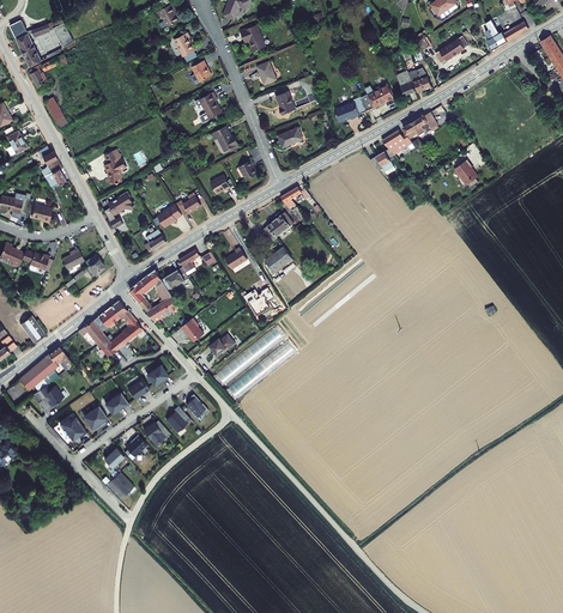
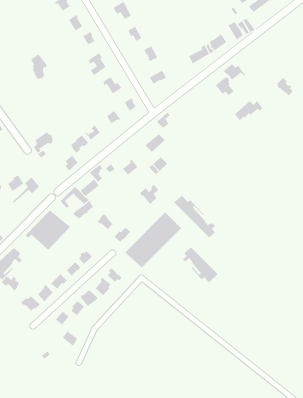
building: [402,111,444,139] -> [234,100,263,121]
building: [103,148,126,184] -> [30,53,47,79]
building: none -> [173,195,216,238]
building: none -> [182,246,219,283]

